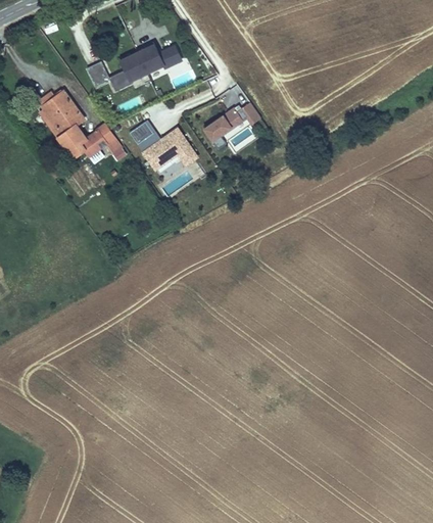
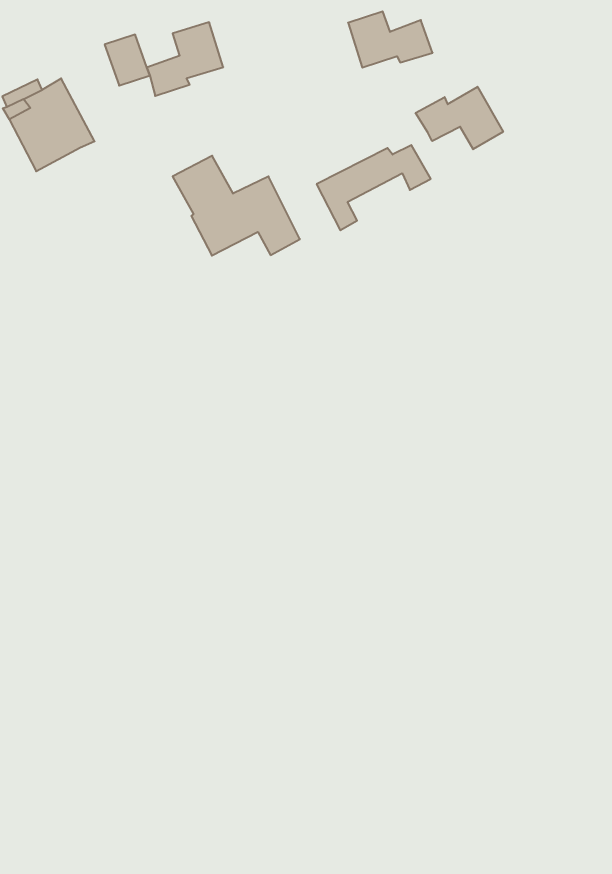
building: [137,42,183,73] -> [348,11,433,68]
building: none -> [416,87,503,149]
building: [56,123,127,162] -> none

